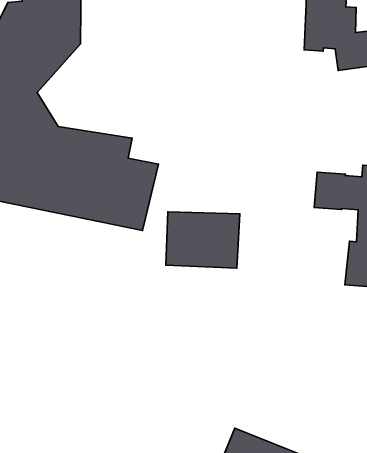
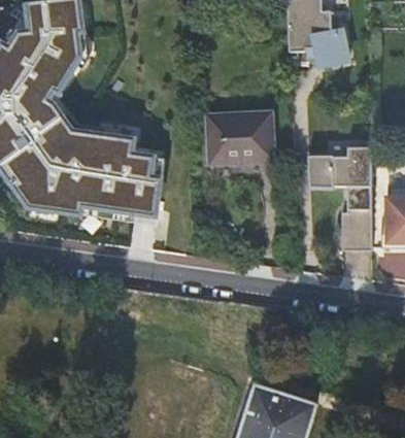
building: [166,212,240,268] -> [206,112,270,162]

